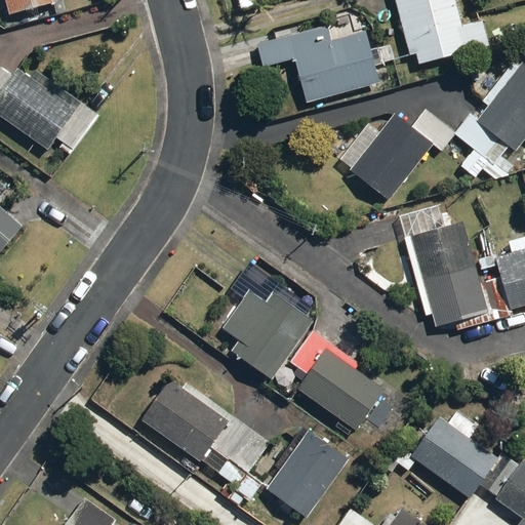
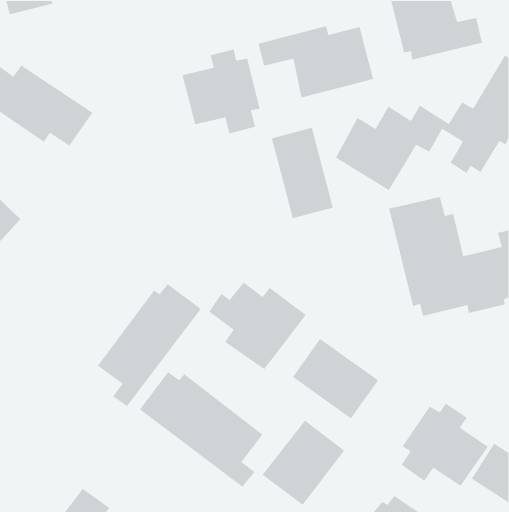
building: none -> [181,49,261,135]
building: none -> [271,127,334,219]
building: none -> [97,283,202,407]

